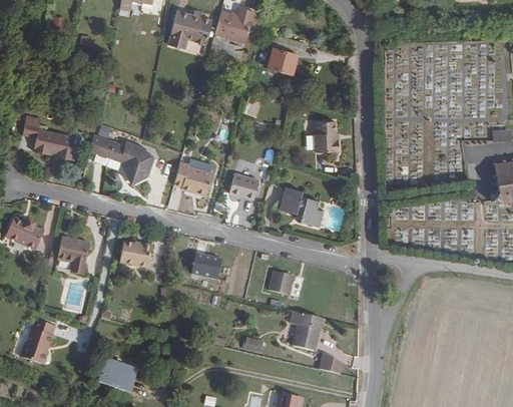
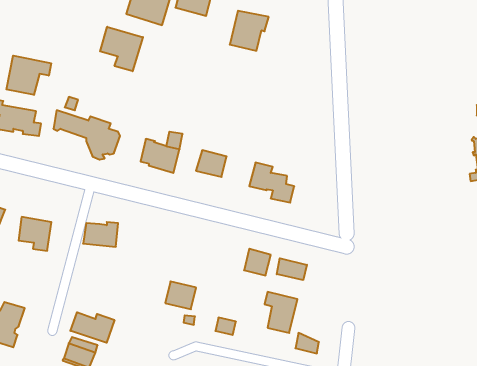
building: none -> [100,27,143,71]
building: none -> [6,56,51,95]
building: [313,120,337,152] -> none
building: [190,252,220,279] -> [165,281,196,309]
building: none -> [277,258,307,280]
building: none -> [70,312,114,343]

